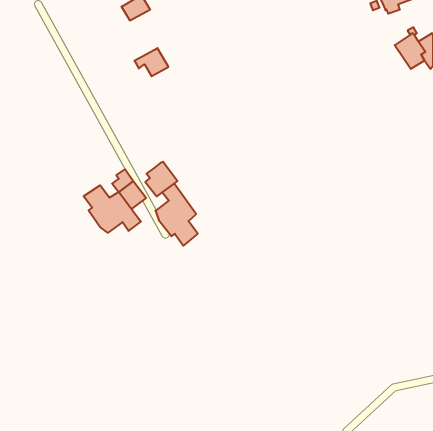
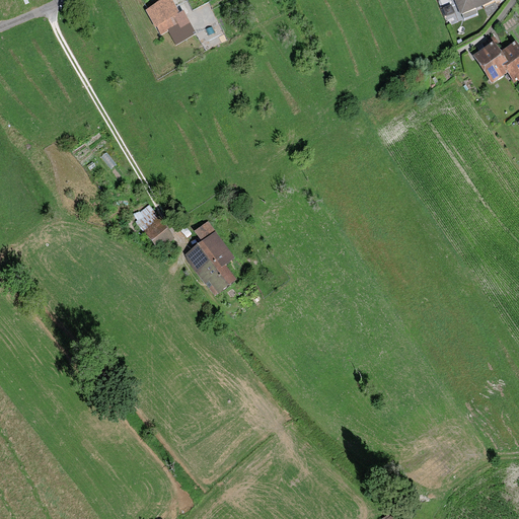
building: [134,48,168,76] -> [155,9,196,43]
building: [145,162,177,196] -> none
building: [84,185,141,233] -> none

